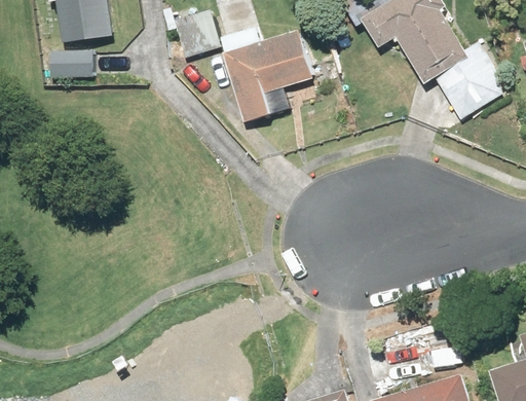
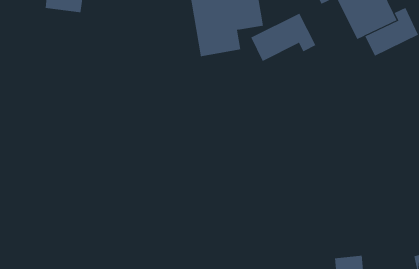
building: none -> [251,13,316,62]

